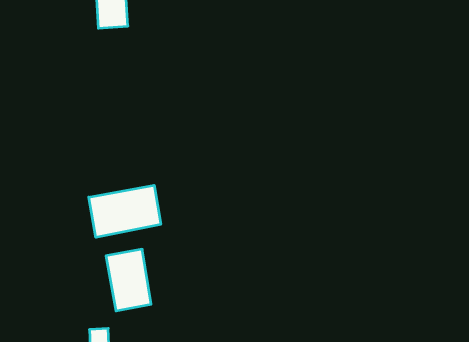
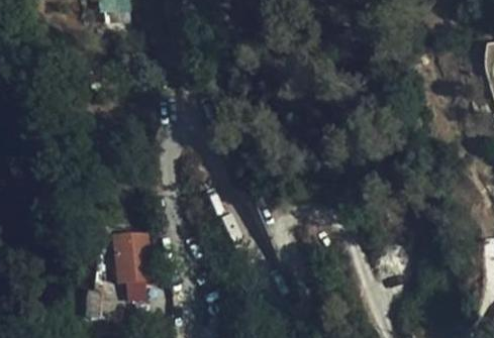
building: [89,185,161,237] -> none

